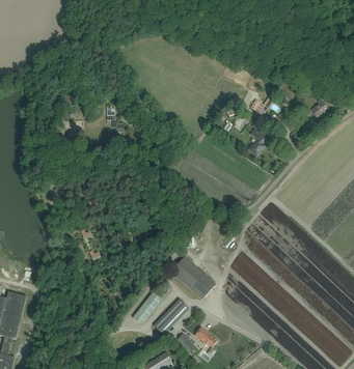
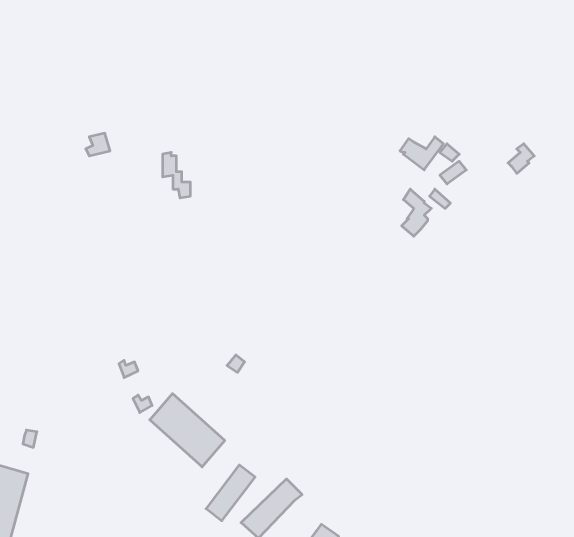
building: [170,256,215,300] -> [150,394,225,467]

